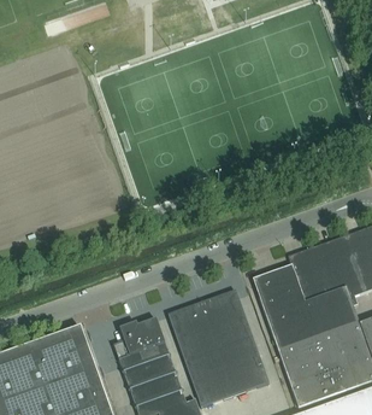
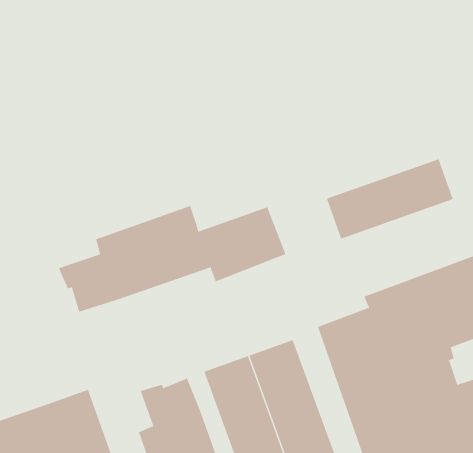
building: none -> [326,158,454,239]
building: none -> [58,205,286,312]

